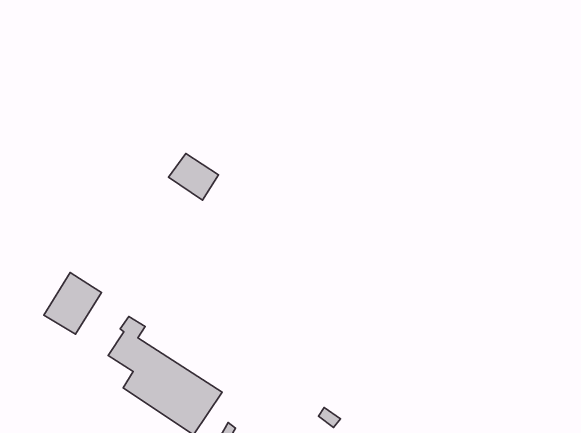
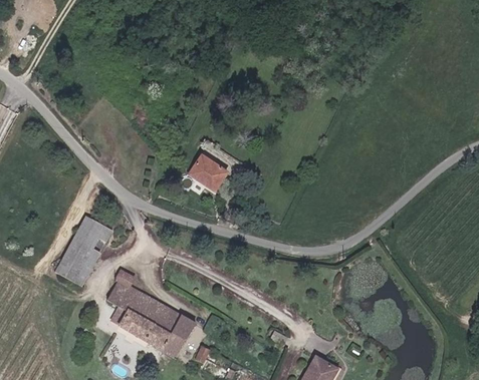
building: [169,154,218,200] -> [189,154,227,189]
building: none -> [73,218,110,249]

